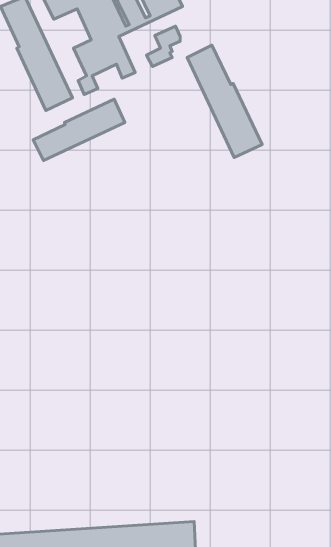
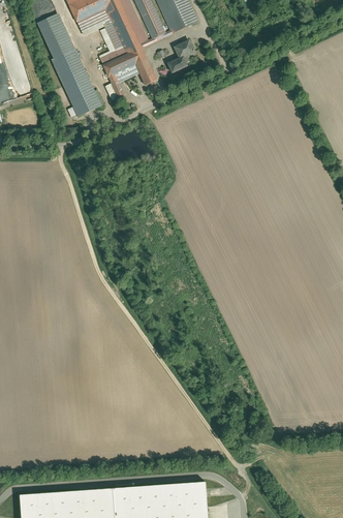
building: [187,45,262,157] -> none
building: [33,99,125,160] -> none

